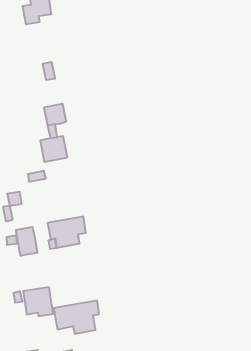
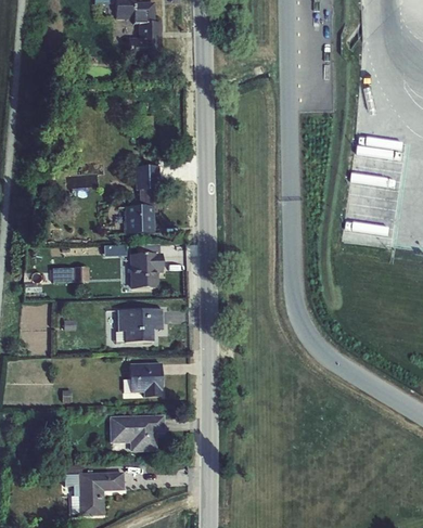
building: none -> [129,253,163,287]
building: [16,227,37,256] -> none
building: [23,287,53,316] -> [129,362,162,396]

